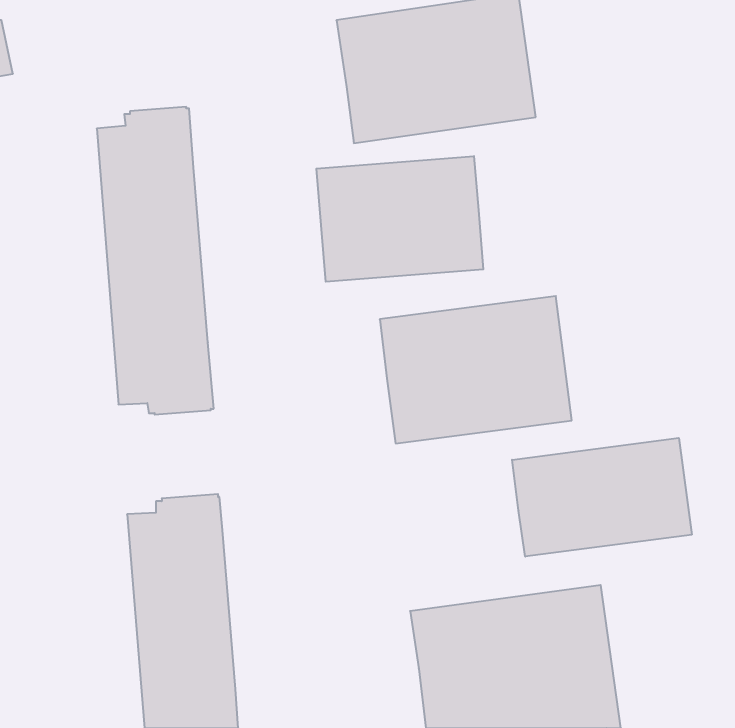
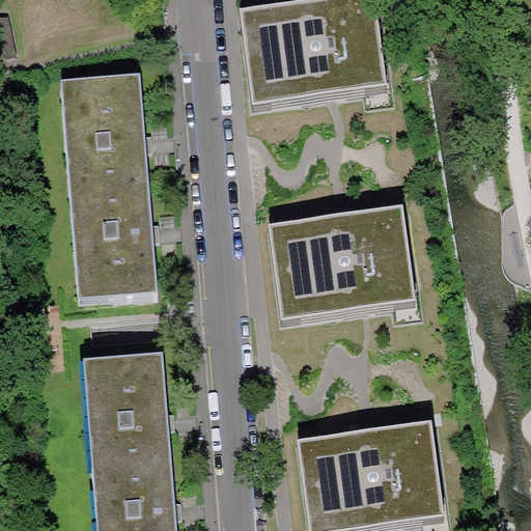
building: [316,156,483,282] -> none
building: [512,438,692,557] -> none

